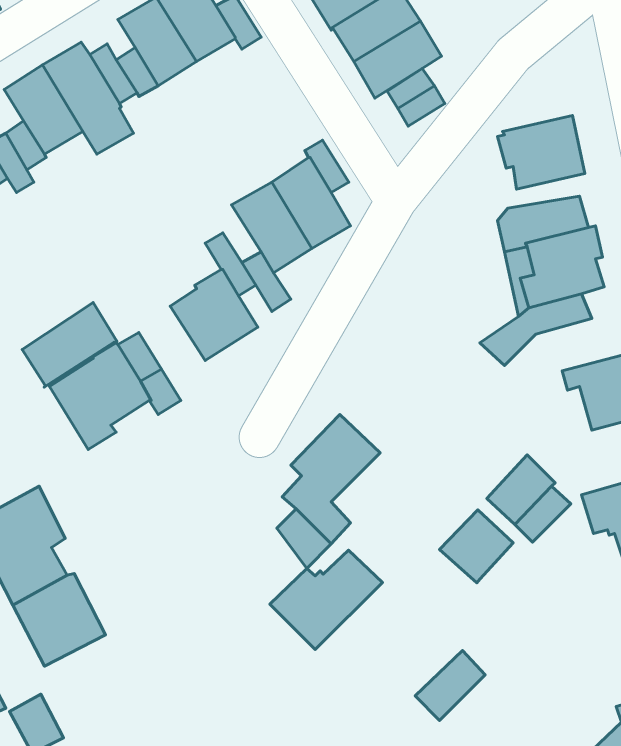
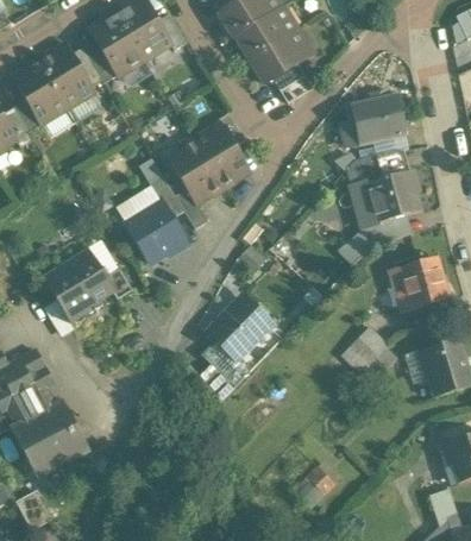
building: [22,303,117,387] -> none
building: [440,510,513,583] -> none
building: [270,550,383,649] -> none

